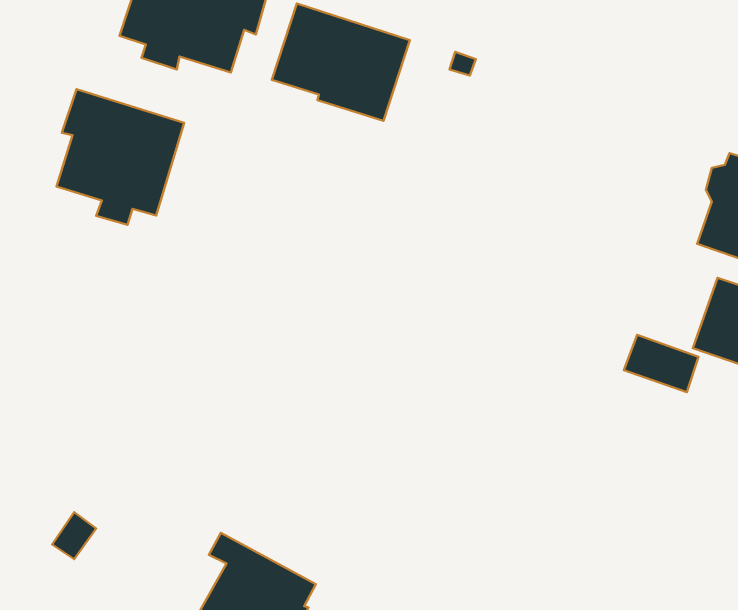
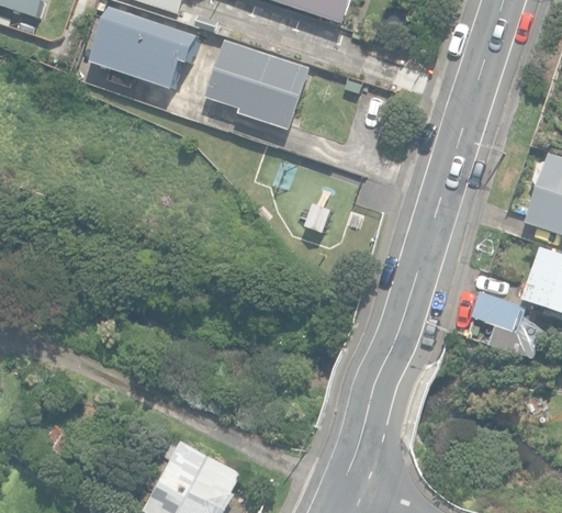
building: [57,89,184,225] -> none

